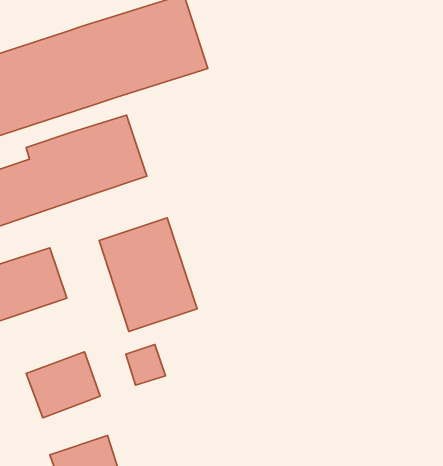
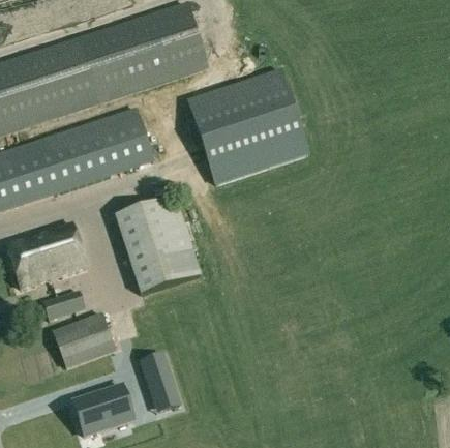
building: none -> [190,69,308,182]
building: none -> [44,291,86,320]
building: [126,345,165,385] -> [144,364,178,399]

